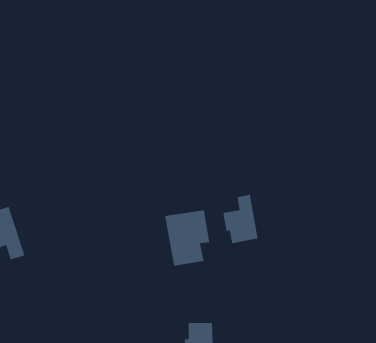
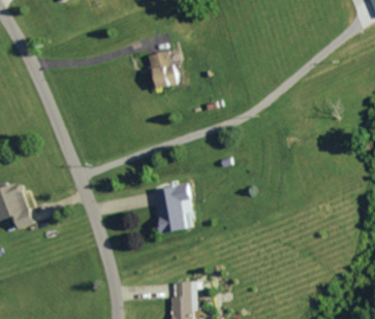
building: none -> [146,51,178,89]
building: [223,194,259,244] -> none

